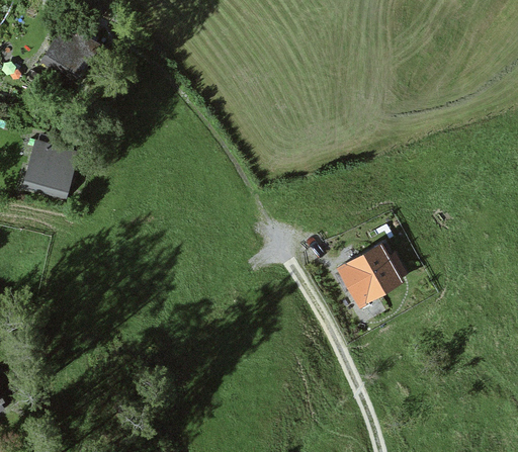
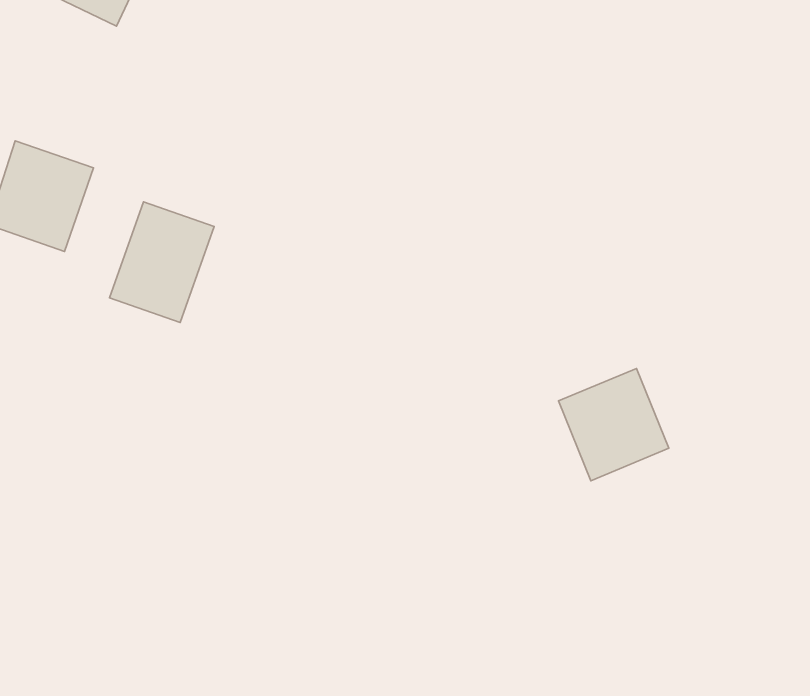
building: none -> [109,202,214,323]

